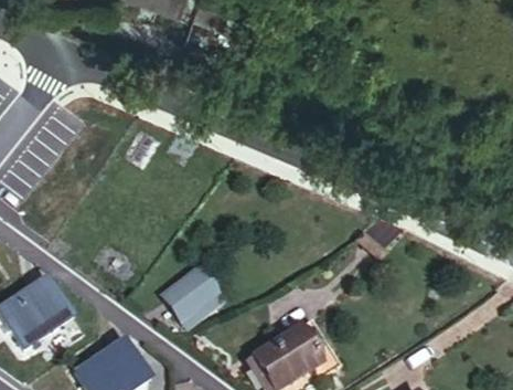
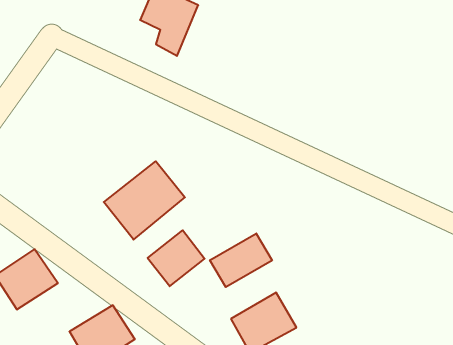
building: none -> [104,161,185,240]
building: none -> [210,233,272,287]

